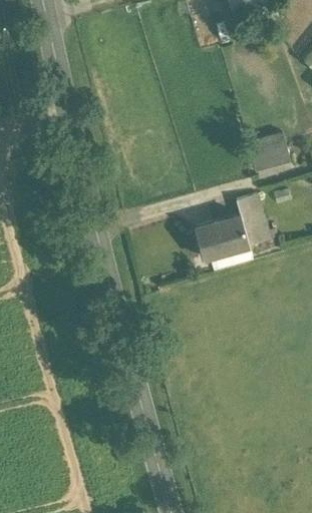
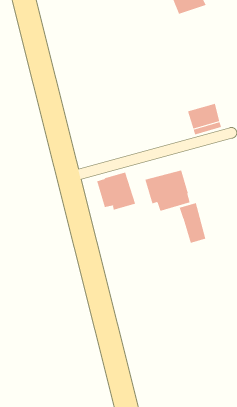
building: [234,193,268,244] -> [179,203,206,244]
building: none -> [97,171,136,210]

